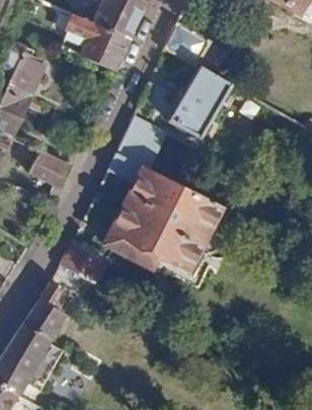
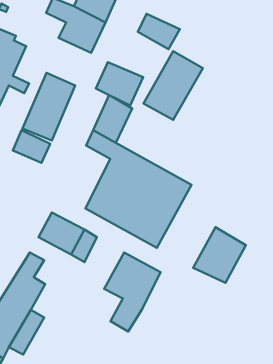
building: none -> [96,62,143,105]
building: none -> [22,73,75,141]
building: none -> [193,227,246,283]
building: none -> [104,252,161,332]

